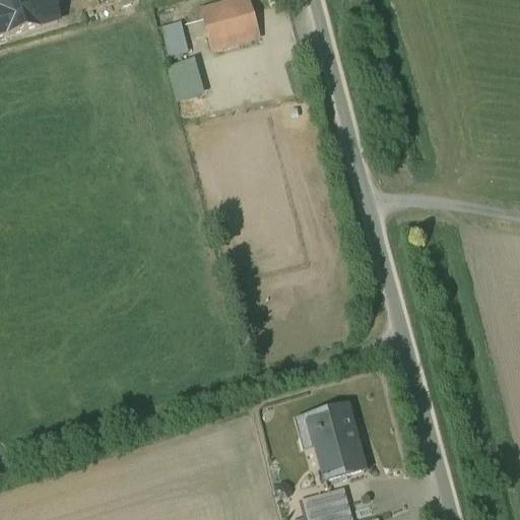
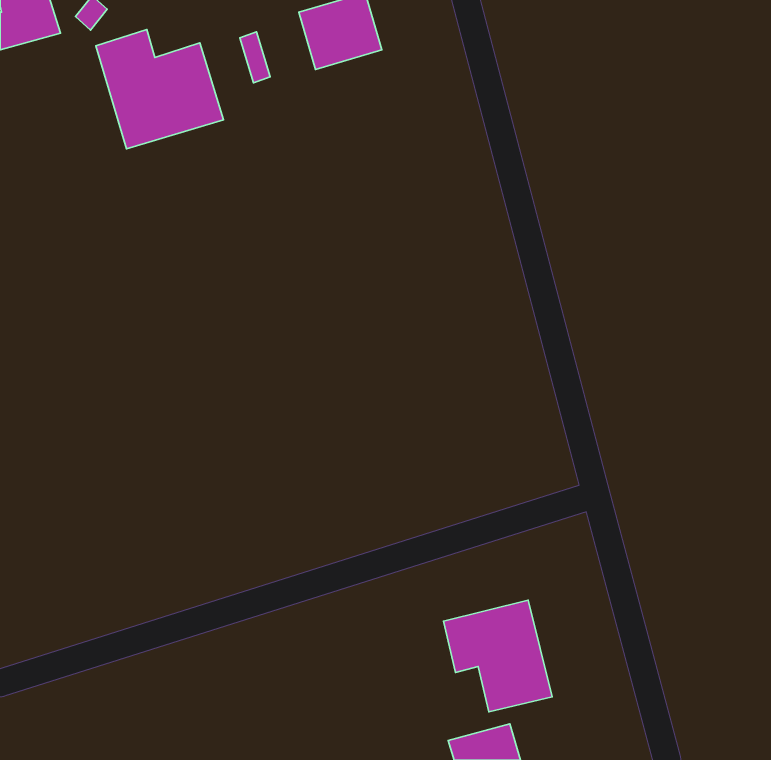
building: none -> [96,30,224,149]
building: [165,59,195,101] -> none

